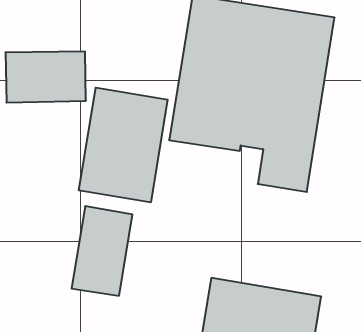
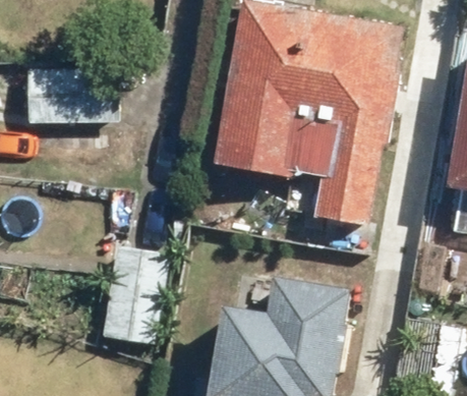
building: [79,88,168,202] -> none

